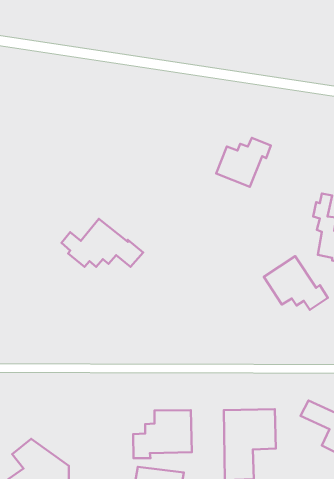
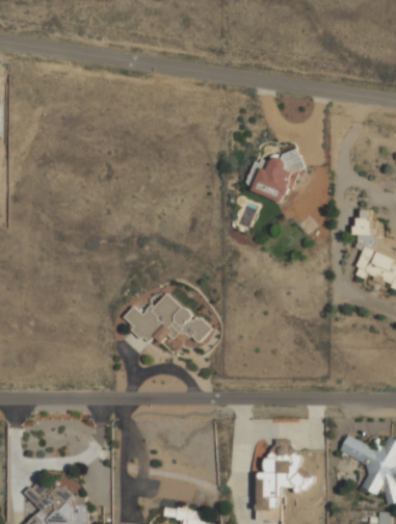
building: [62,219,143,267] -> [124,294,212,346]
building: [264,256,328,310] -> none
building: [133,410,192,458] -> none

